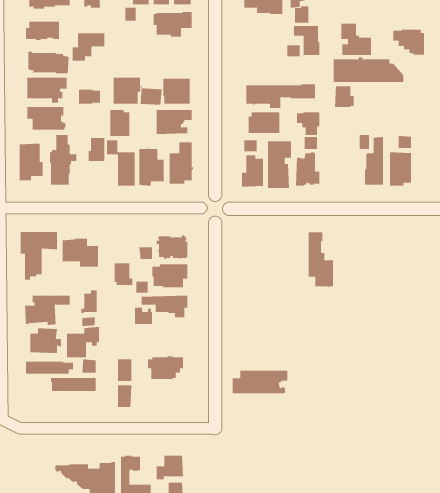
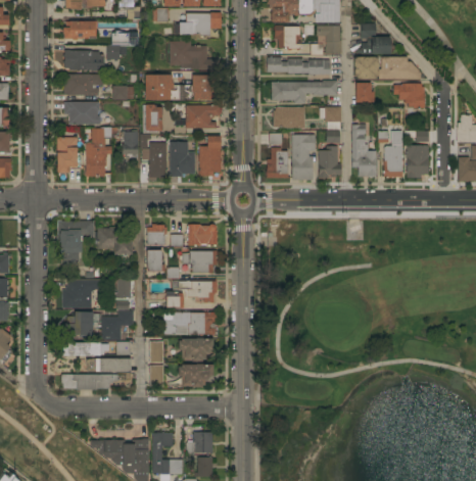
building: none -> [274,26,300,50]
building: [392,29,425,55] -> [393,84,424,108]
building: none -> [170,41,219,69]
building: none -> [267,57,330,75]
building: [308,232,334,288] -> [351,125,376,178]
building: none -> [146,224,166,245]
building: [232,370,288,394] -> [163,312,217,335]
building: none -> [178,364,212,388]
building: none -> [61,375,117,390]

